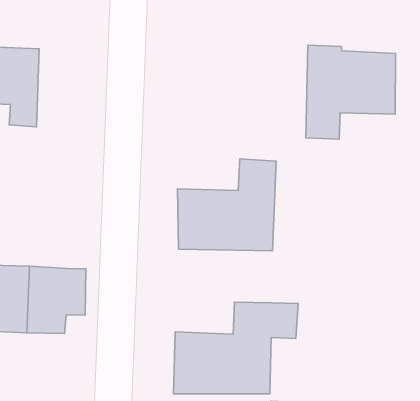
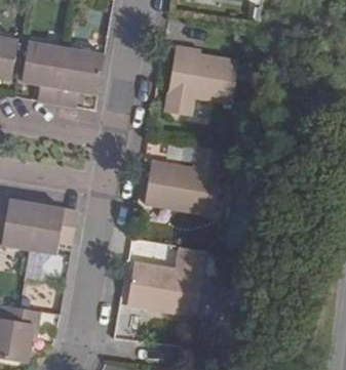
building: [306,45,396,139] -> [165,46,237,116]
building: none -> [55,48,104,107]

